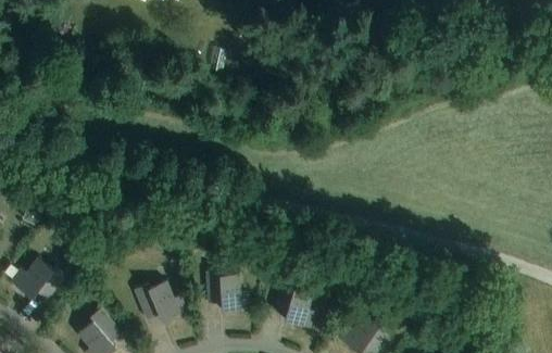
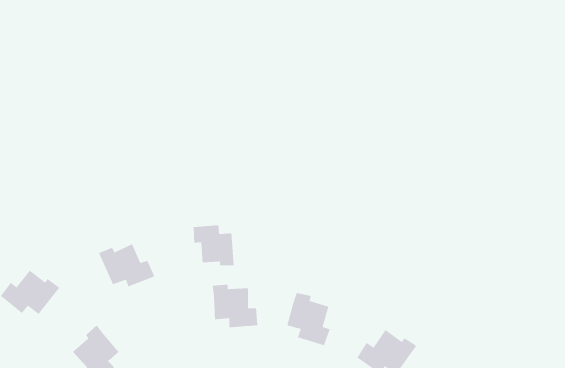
building: none -> [193,225,234,266]
building: [134,280,186,320] -> [98,243,155,287]

